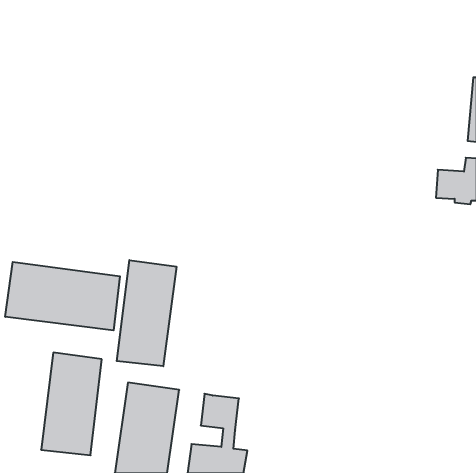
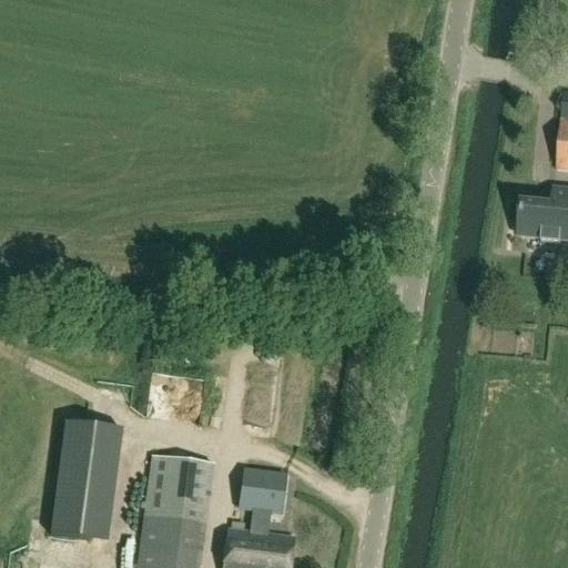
building: [117,260,176,366] -> none
building: [5,262,120,330] -> none

